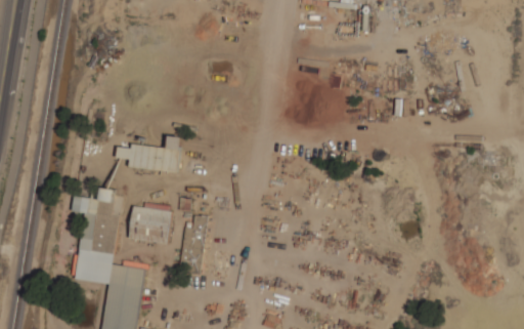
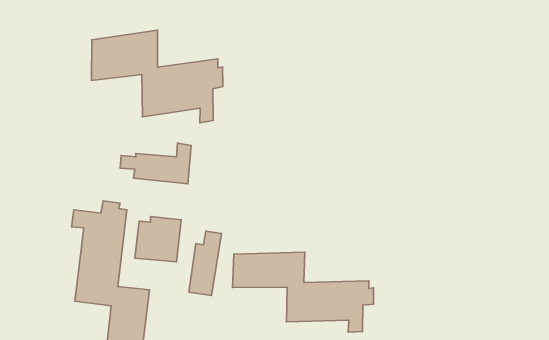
building: none -> [92,30,223,123]
building: none -> [233,252,374,332]

